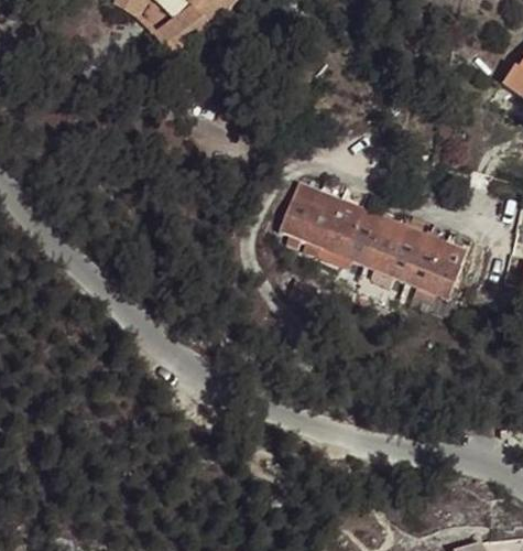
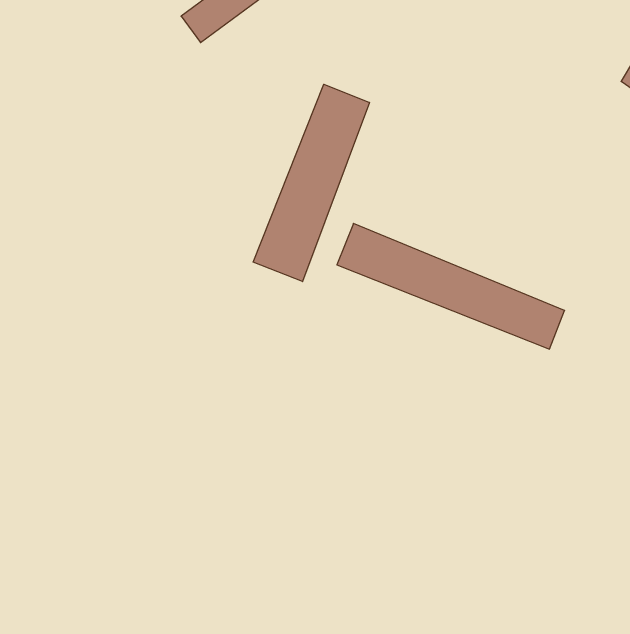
building: none -> [253,84,369,282]

